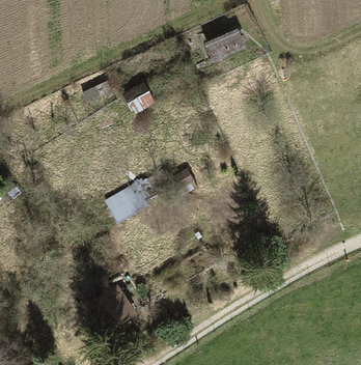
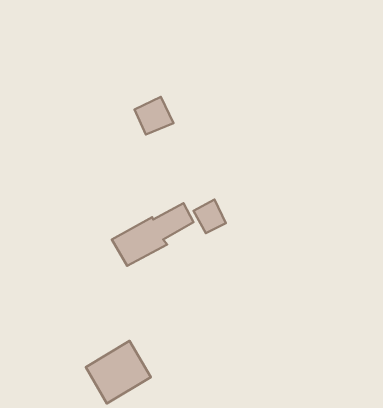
building: [202,28,247,63] -> none

